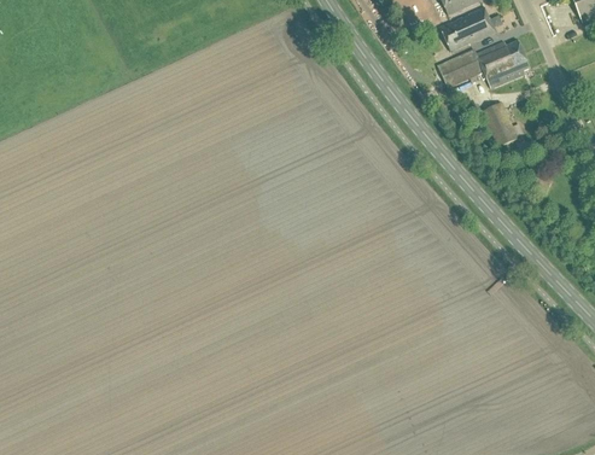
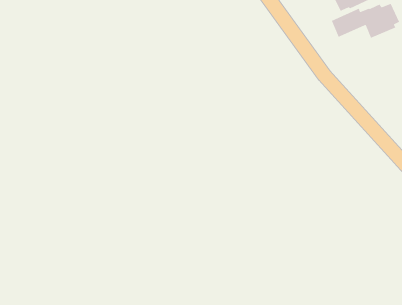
building: [483,100,520,146] -> none

